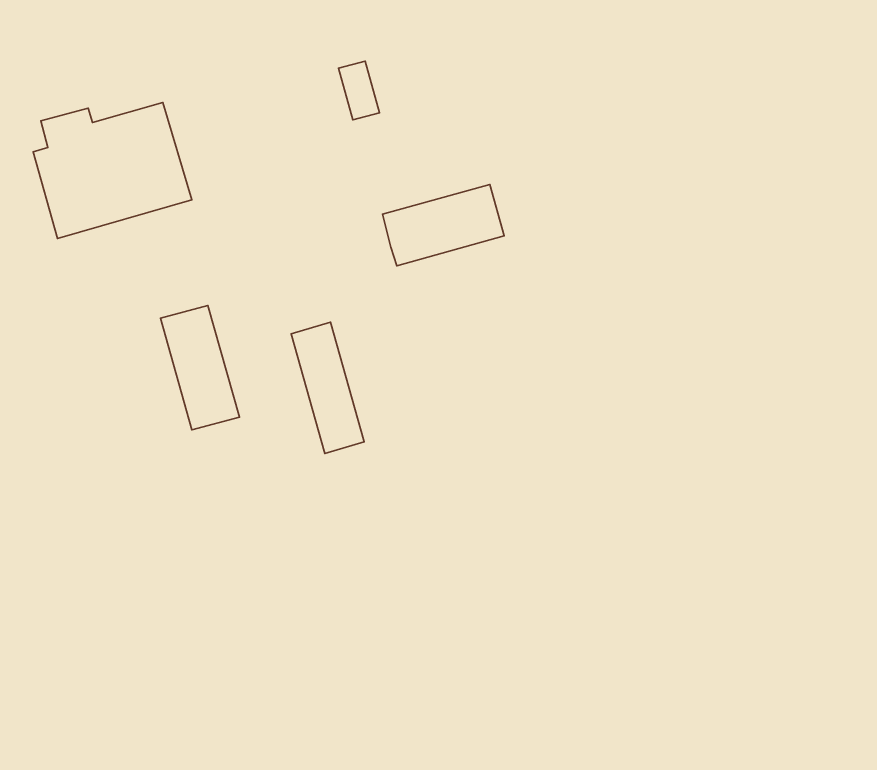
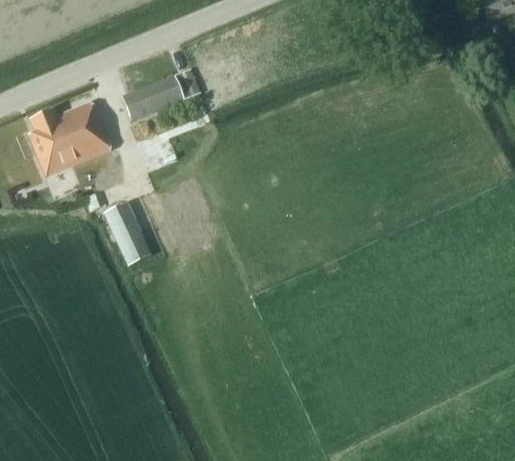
building: [383,184,504,266] -> [125,74,187,121]
building: [291,322,364,453] -> none

